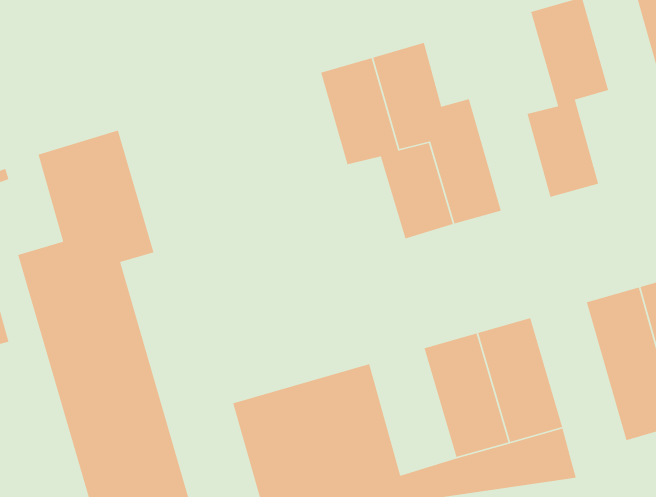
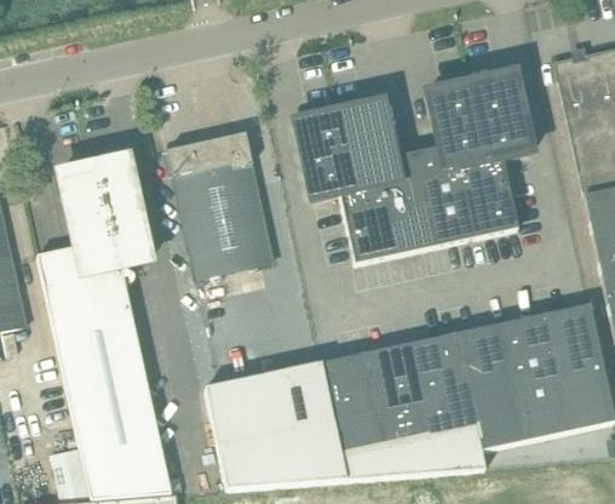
building: none -> [416,82,488,245]
building: none -> [168,132,275,277]
building: none -> [455,323,527,449]
building: none -> [321,353,386,456]

